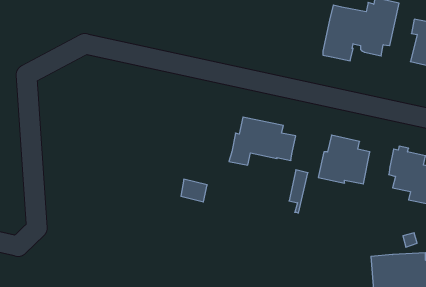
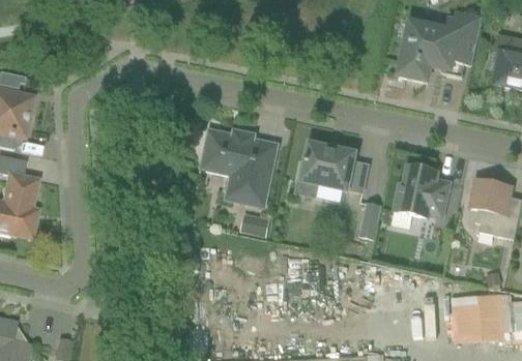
building: none -> [203,130,276,205]

